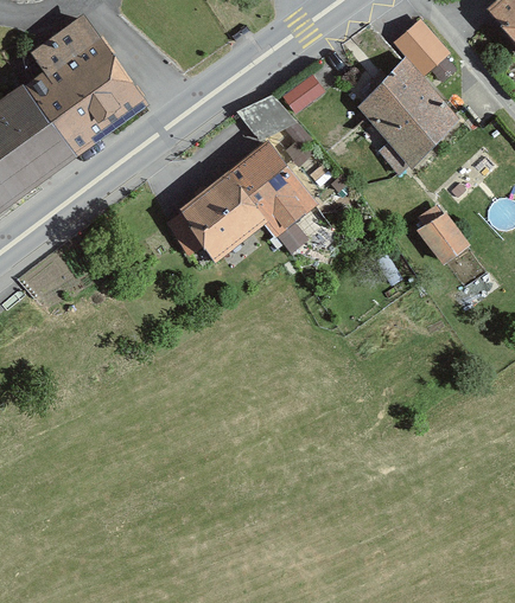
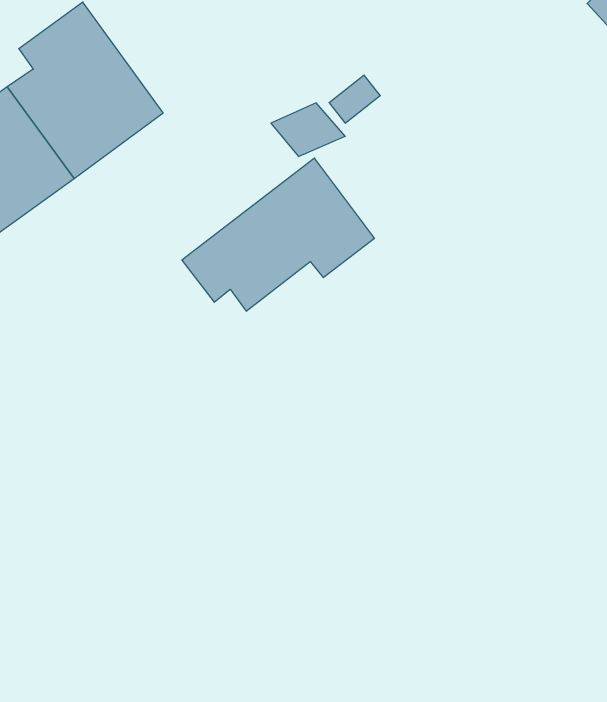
building: [394,18,450,75] -> none
building: [357,62,462,174] -> none
building: [419,211,472,267] -> none

